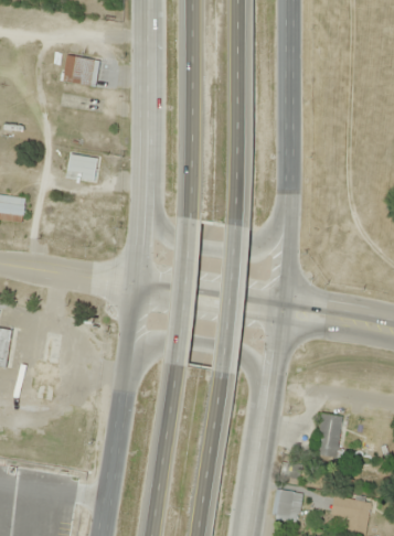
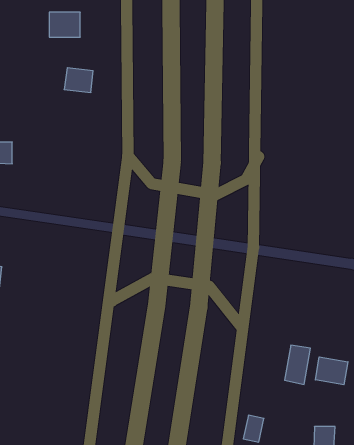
building: [67,154,98,181] -> [64,68,93,92]
building: none -> [315,357,348,385]

